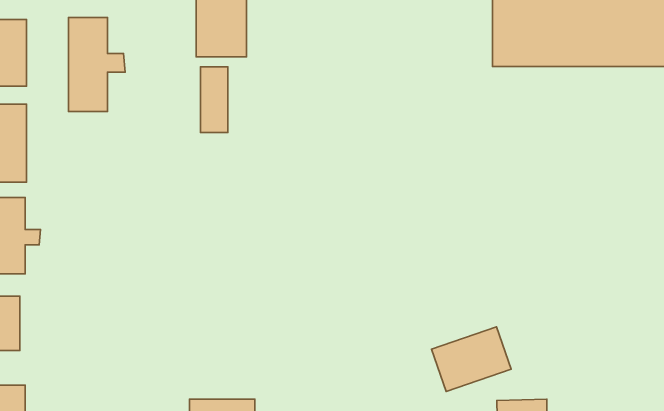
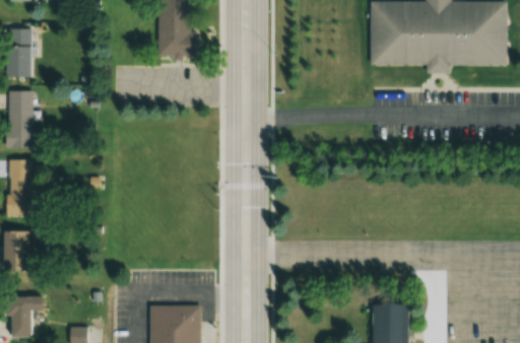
building: [69,17,125,112] -> none
building: [201,67,228,133] -> none
building: [432,327,511,392] -> none

